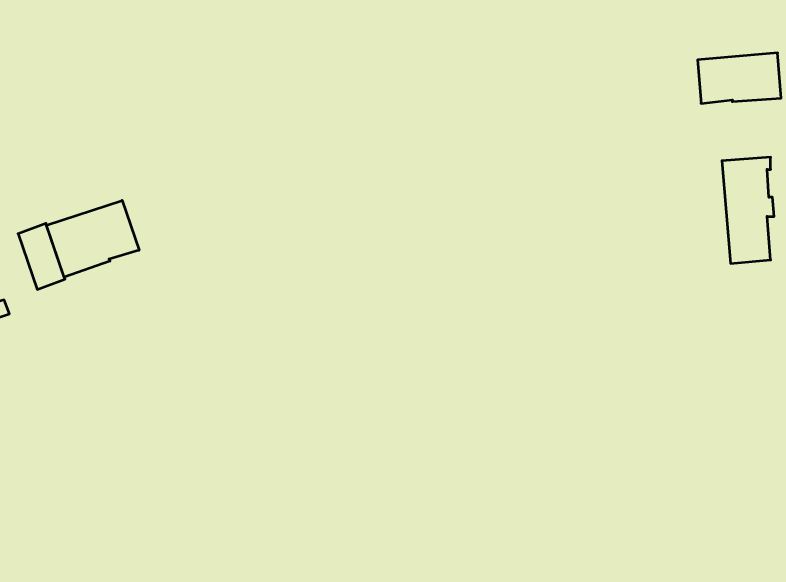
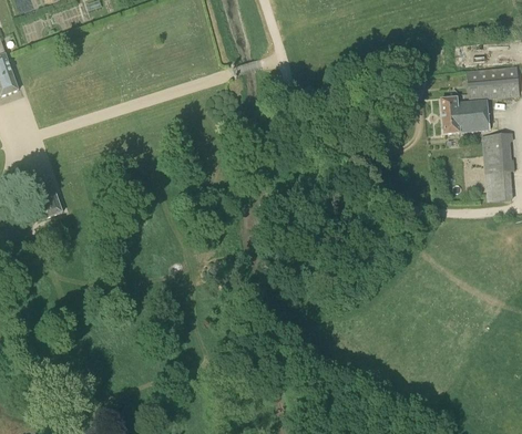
building: none -> [440,96,489,133]
building: [47,200,139,277] -> none

